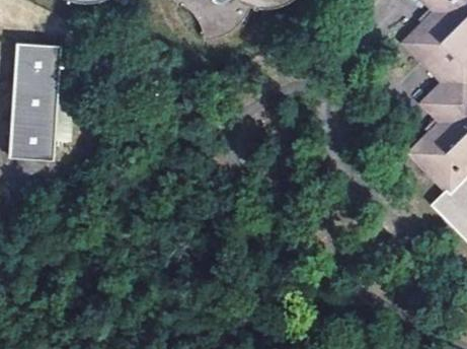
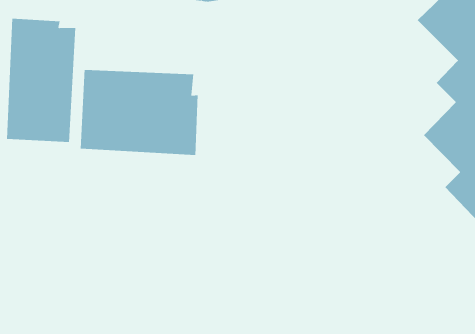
building: none -> [80,69,198,156]

